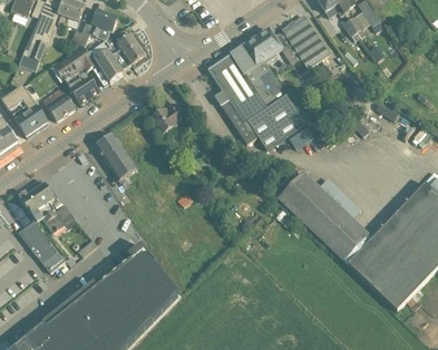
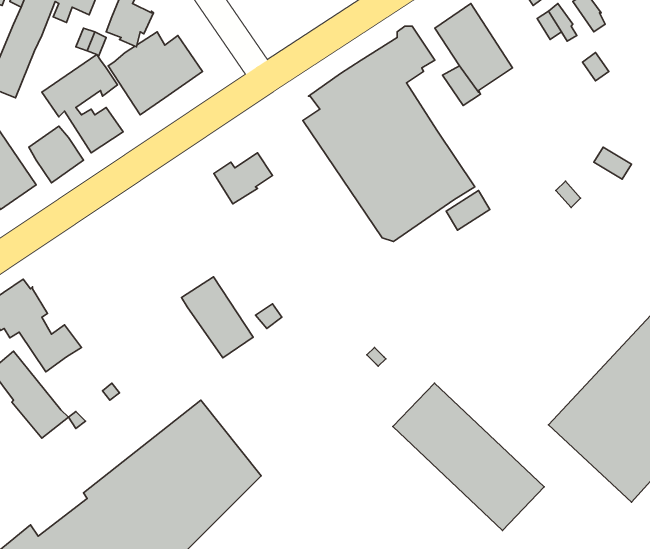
building: [94,134,136,182] -> [181,277,253,358]
building: [279,173,368,260] -> [393,383,544,530]

